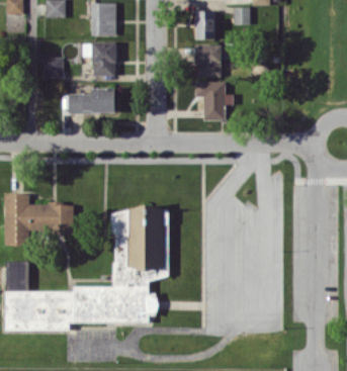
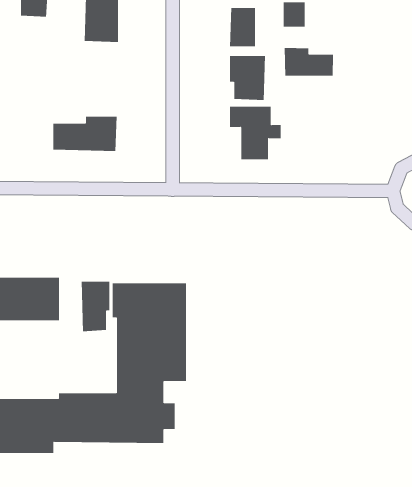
building: none -> [284,47,334,77]
building: [82,42,115,77] -> none
building: [44,58,63,78] -> none
building: none -> [81,281,110,332]

